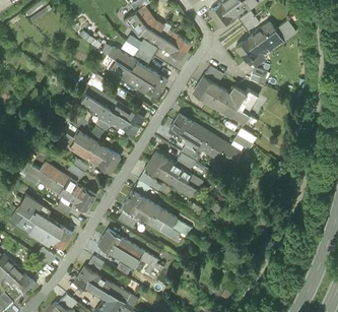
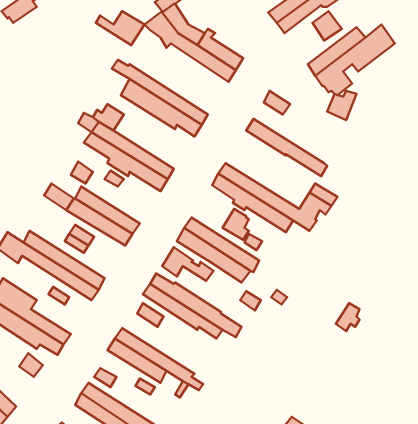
building: [126,39,159,62] -> [96,11,144,45]
building: [199,75,259,114] -> none

